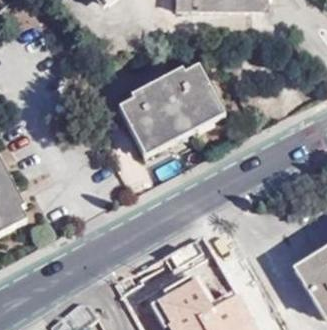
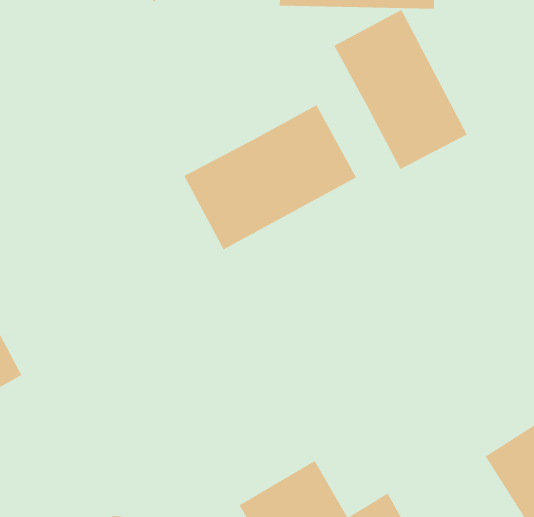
building: none -> [333,9,467,170]

